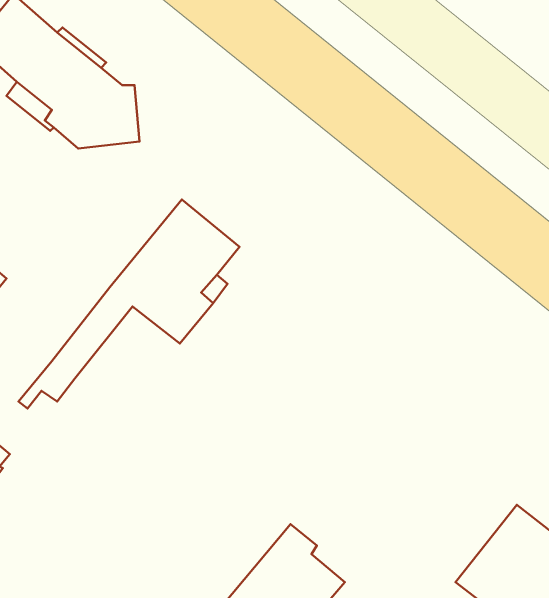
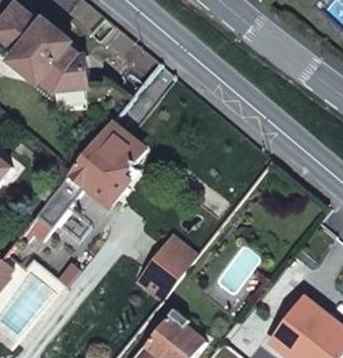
building: none -> [136,231,199,299]

